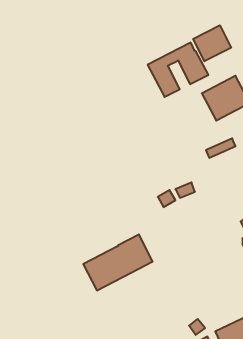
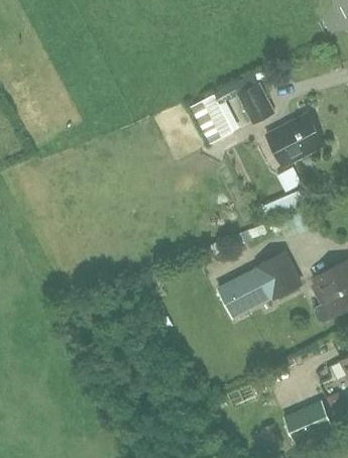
building: [193,25,231,61] -> none
building: [83,234,153,290] -> [217,252,300,319]

